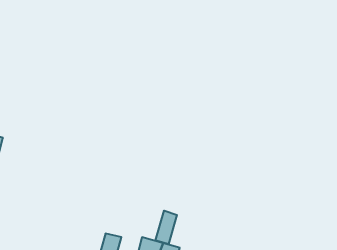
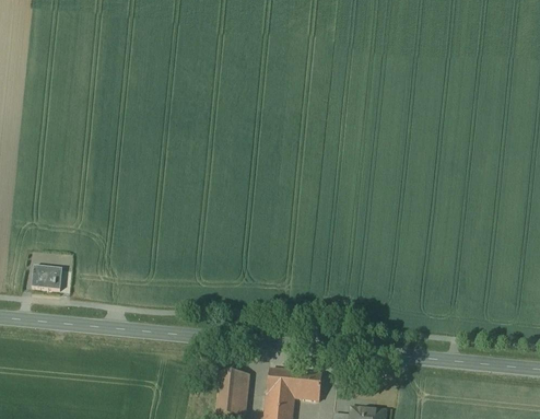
building: [156,211,177,244] -> none

